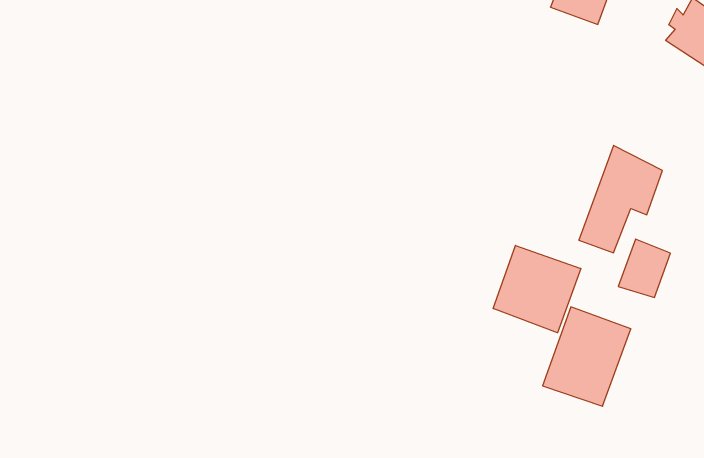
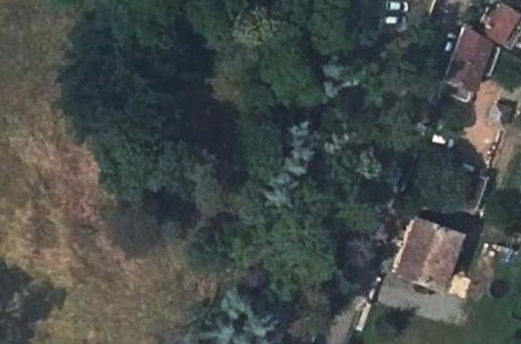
building: [579,145,662,253] -> [441,27,500,102]
building: [493,245,581,333] -> none

